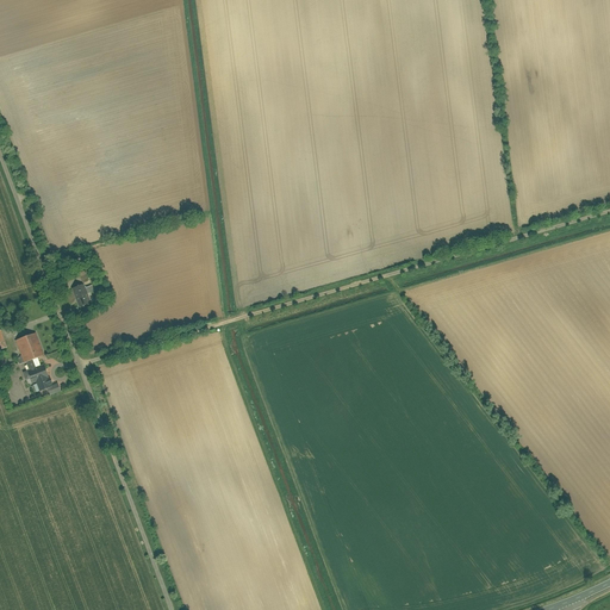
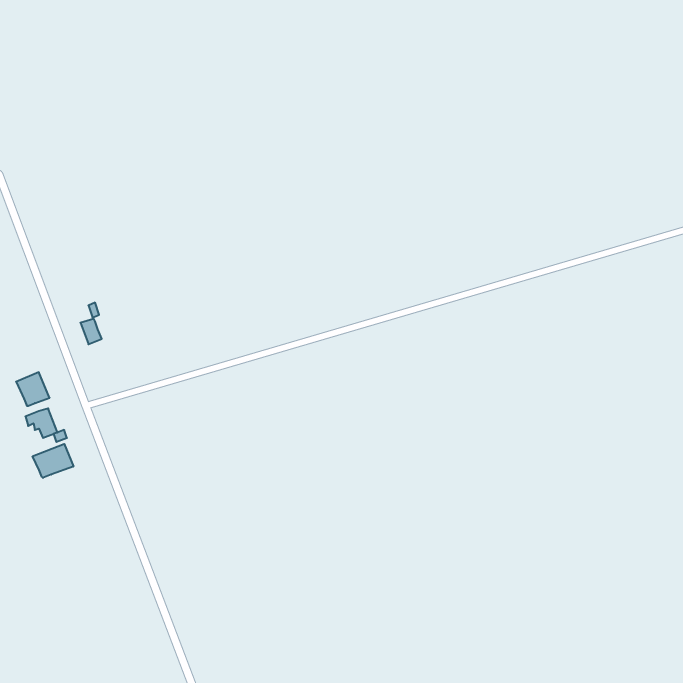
building: none -> [33,444,73,478]

